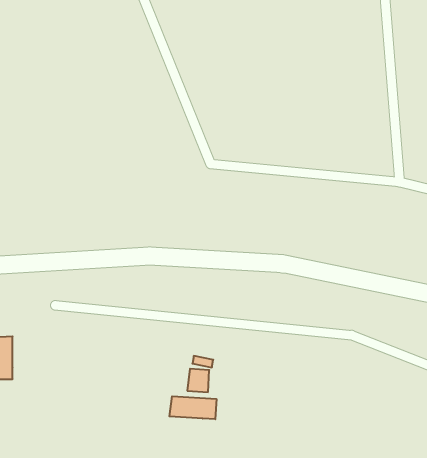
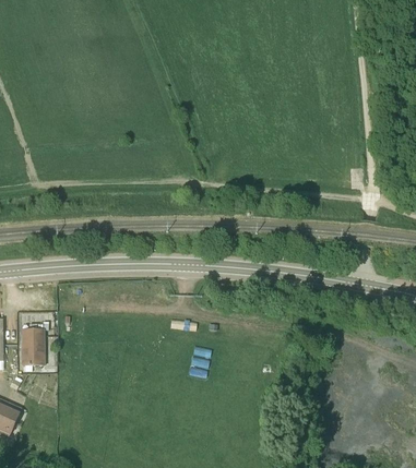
building: [169,396,216,419] -> none

